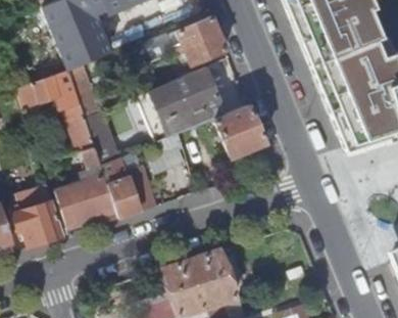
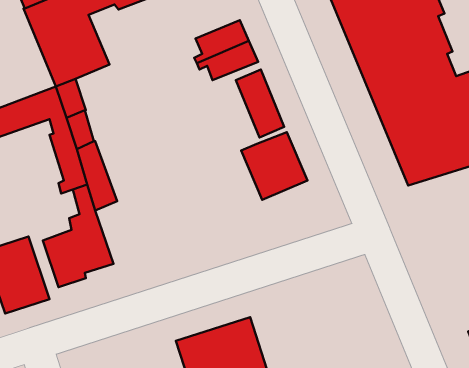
building: [134,67,227,145] -> none
building: [100,157,155,220] -> none

